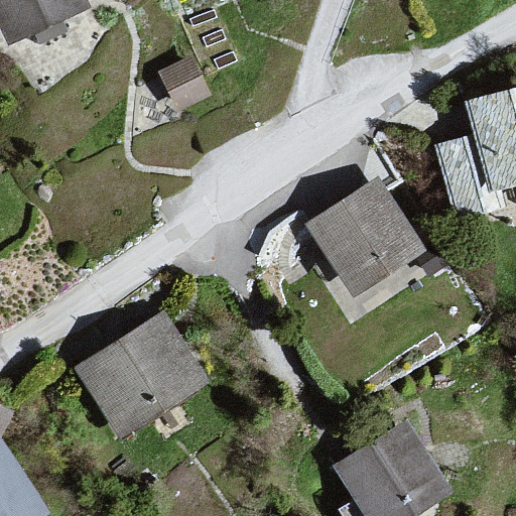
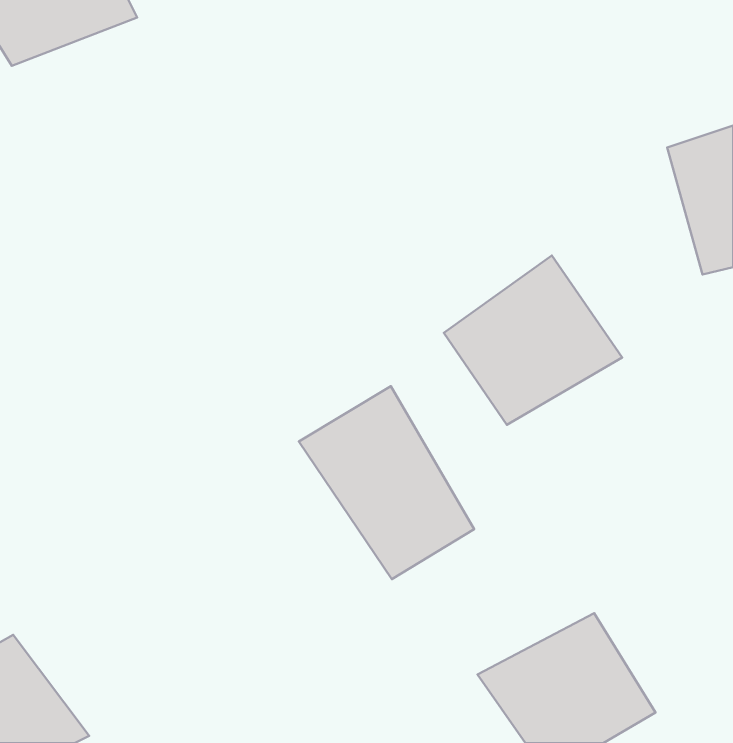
building: none -> [299,386,474,579]
building: [70,315,209,438] -> none

